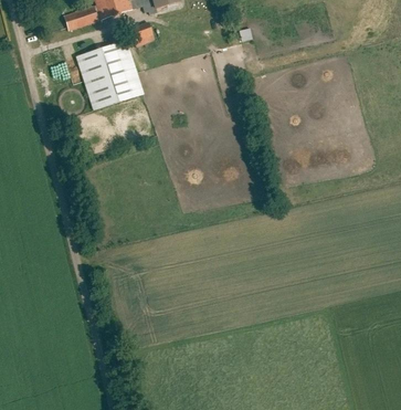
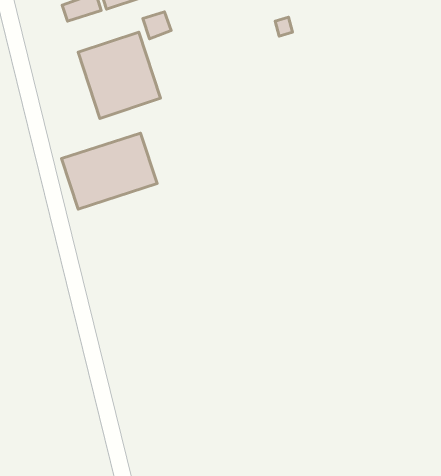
building: none -> [62,133,157,209]

